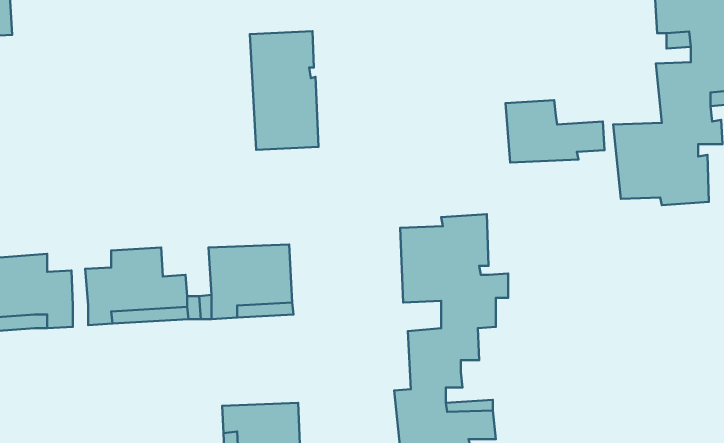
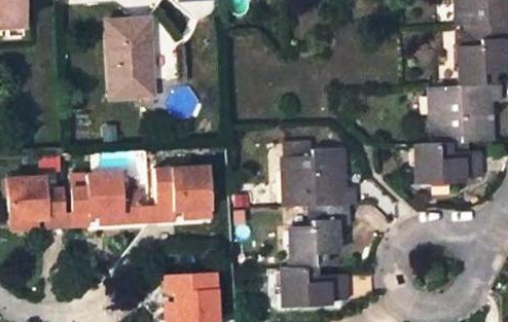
building: [250,31,318,150] -> [106,20,152,100]
building: [505,100,604,162] -> [414,142,481,184]

